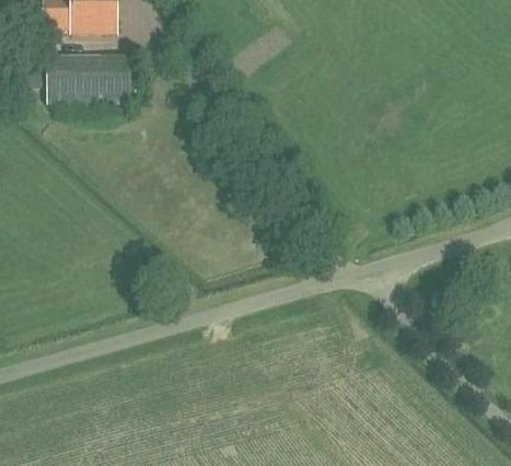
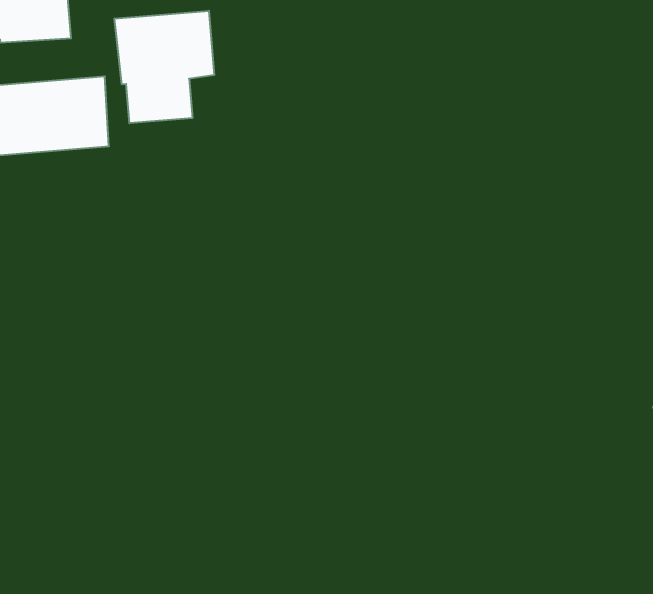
building: none -> [114,11,214,123]

